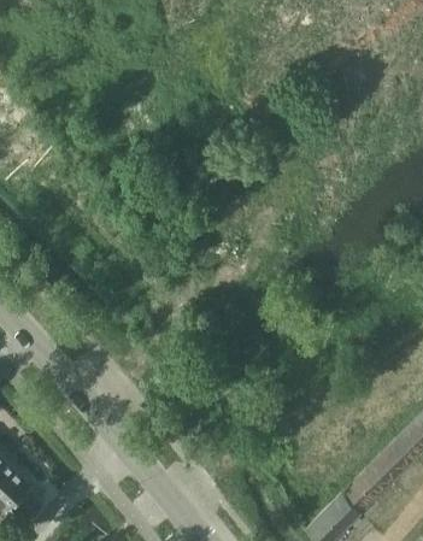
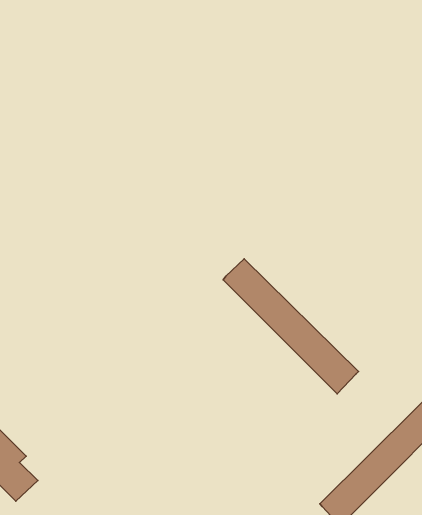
building: none -> [223,259,358,394]

